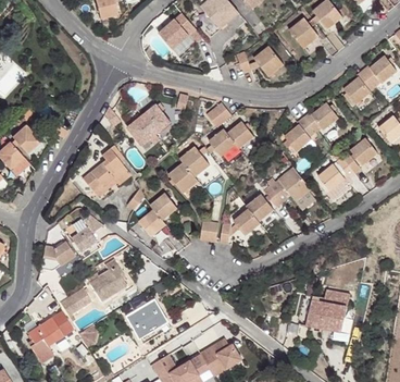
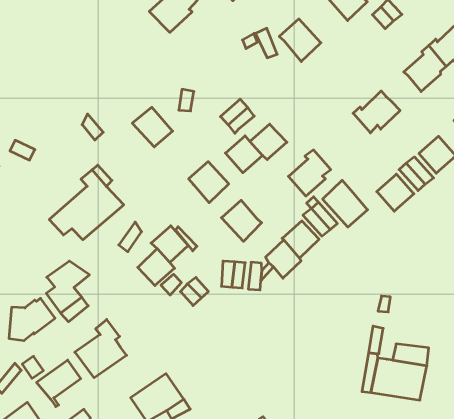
building: [127,115,157,146] -> none
building: [285,118,316,151] -> [288,150,331,196]
building: [168,163,198,194] -> [221,200,262,241]

